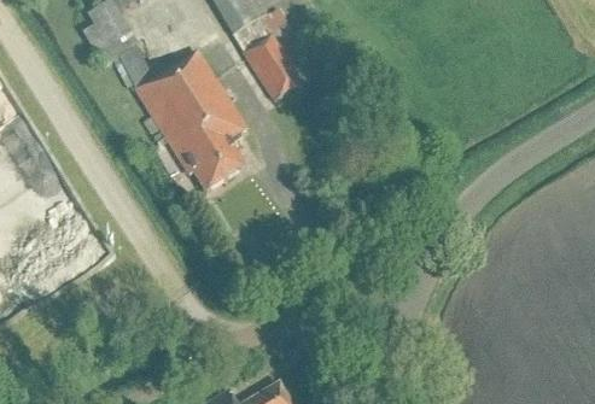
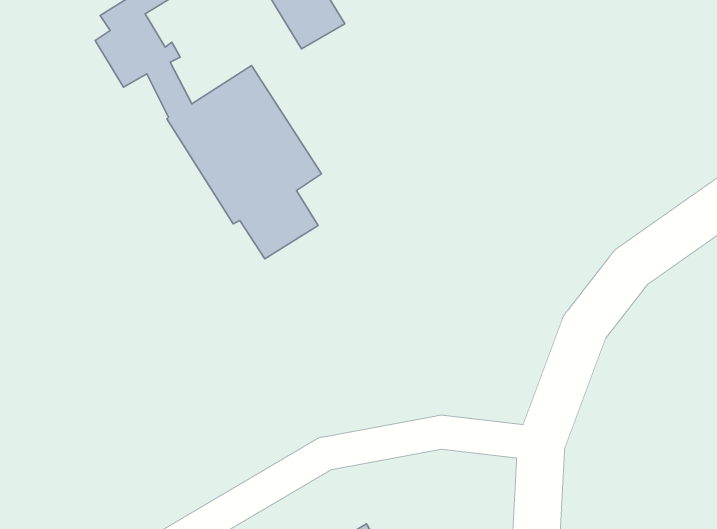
building: [244,33,304,100] -> none

